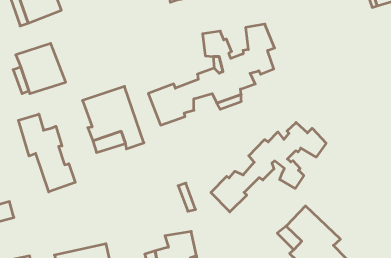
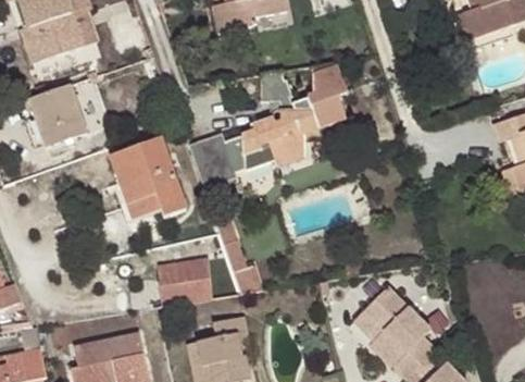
building: [18,114,75,192] -> none
building: [211,122,326,212] -> none
building: none -> [158,256,211,305]

